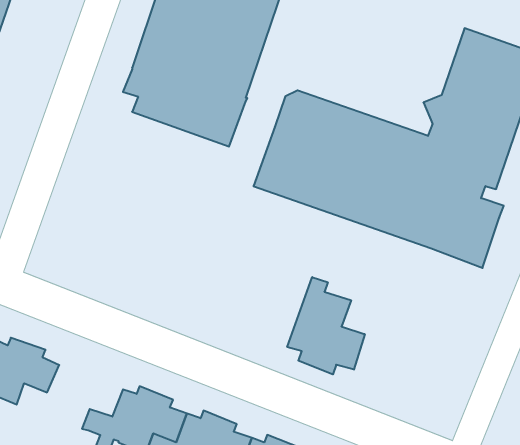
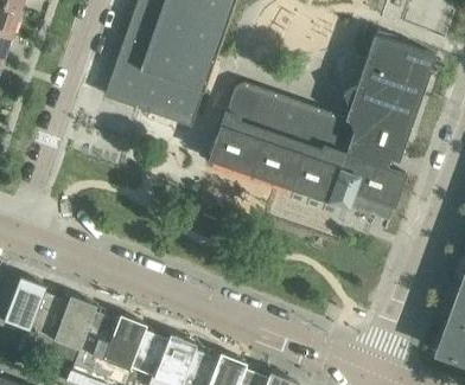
building: [287,277,365,374] -> none
building: none -> [24,296,107,352]

